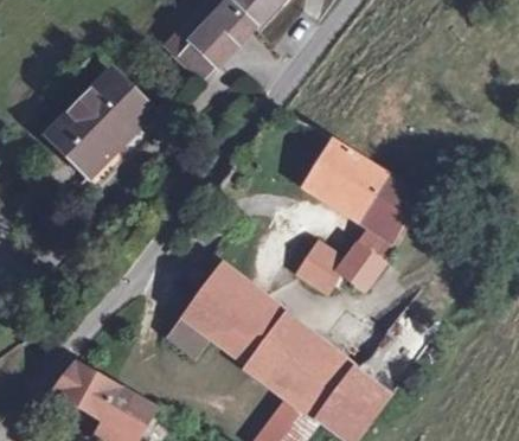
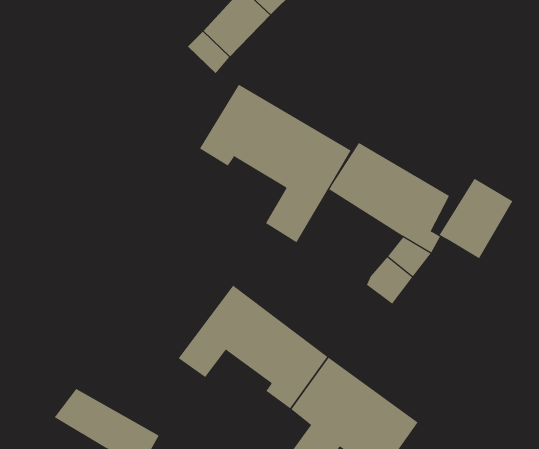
building: [47,71,146,168] -> none
building: none -> [199,84,352,243]
building: none -> [439,178,513,259]
building: [297,243,341,289] -> none

